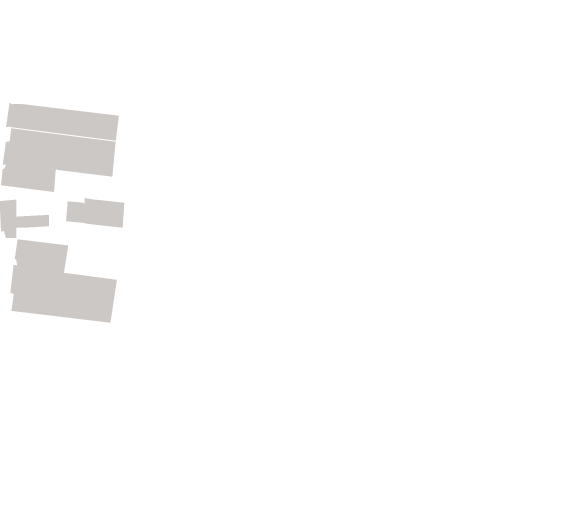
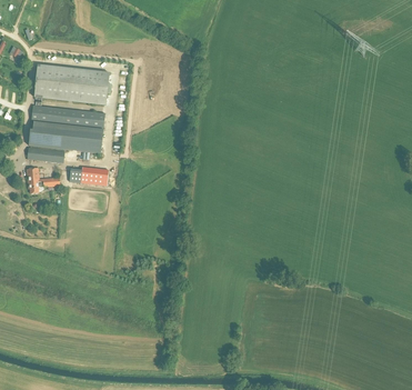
building: none -> [34,63,110,104]
building: [10,239,118,323] -> none

